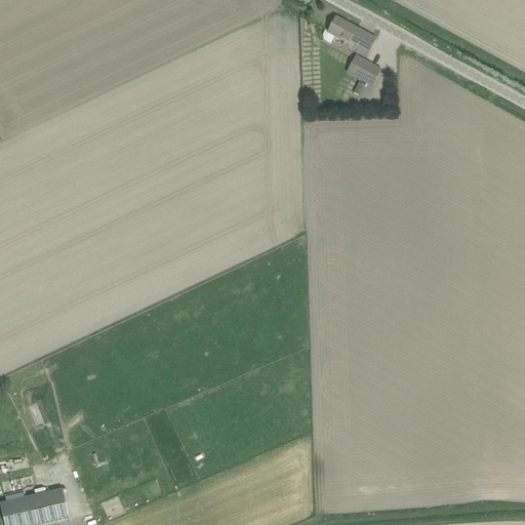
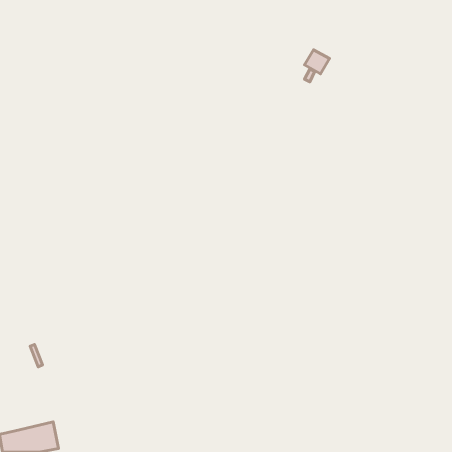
building: [321,16,374,56] -> none

